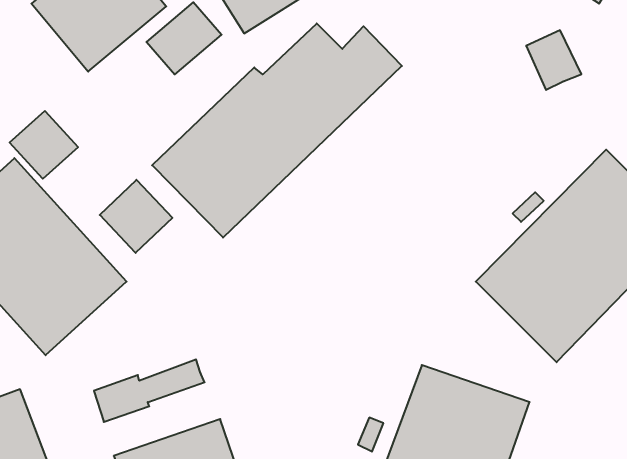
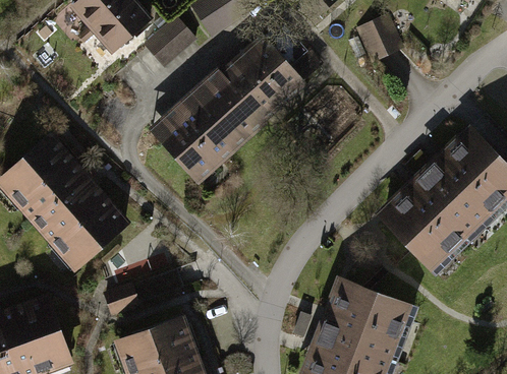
building: [526,30,581,90] -> [356,19,396,62]
building: [10,111,78,179] -> none
building: [100,180,172,253] -> none

